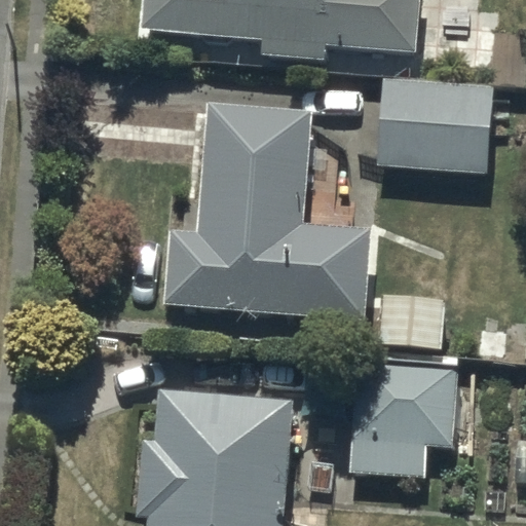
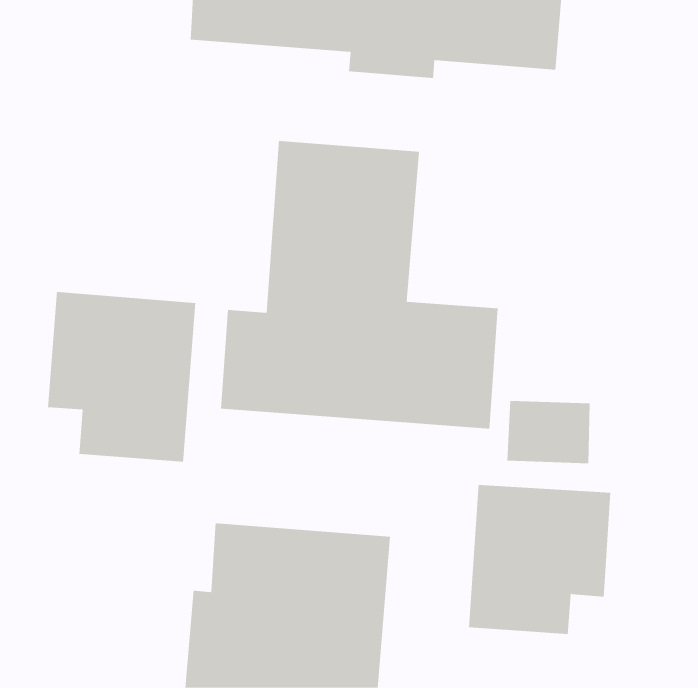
building: [376,77,493,172] -> none
building: none -> [47,291,196,463]

